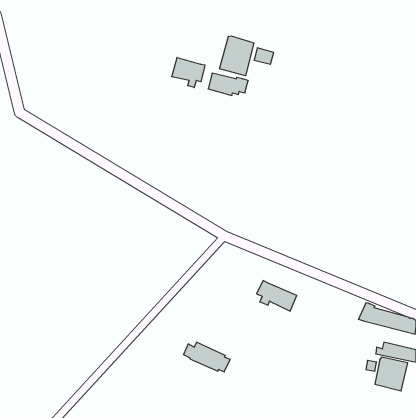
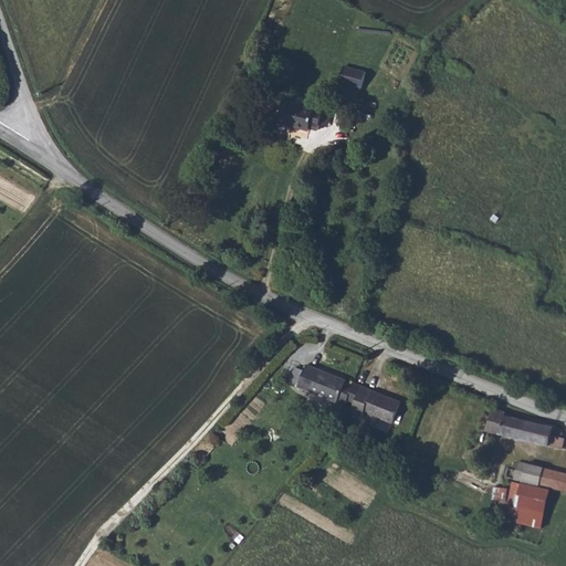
building: [219,36,254,76] -> none
building: [172,57,205,88] -> none
building: [183,342,230,372] -> [290,359,353,399]

